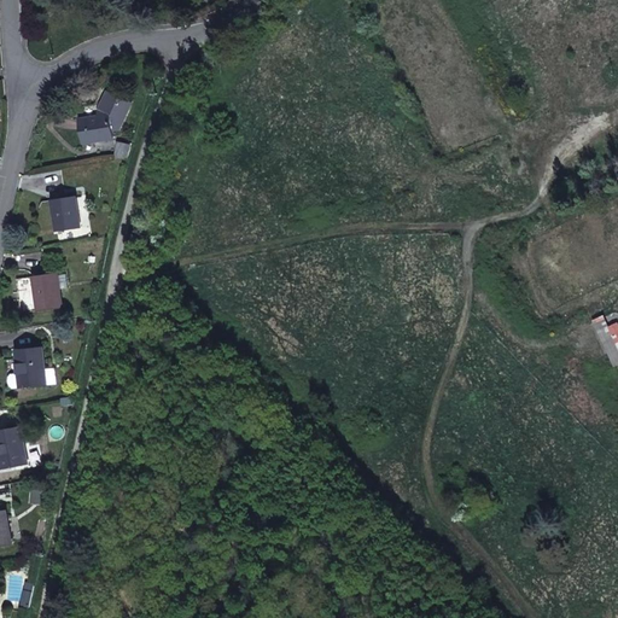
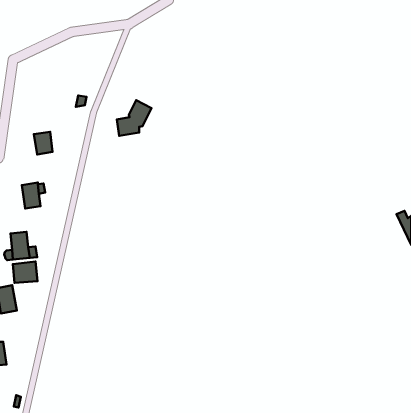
building: [78,91,130,144] -> [117,100,151,136]
building: none -> [13,261,37,283]

